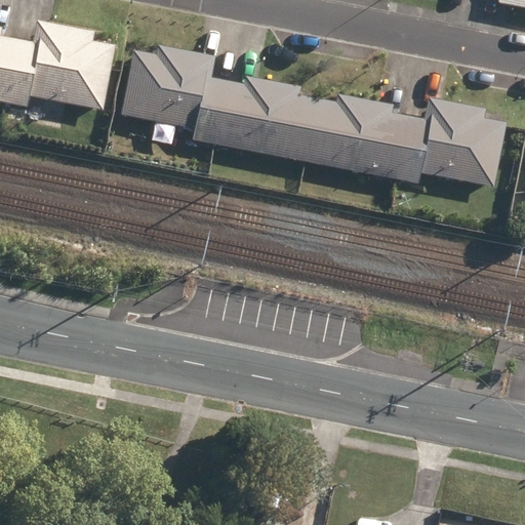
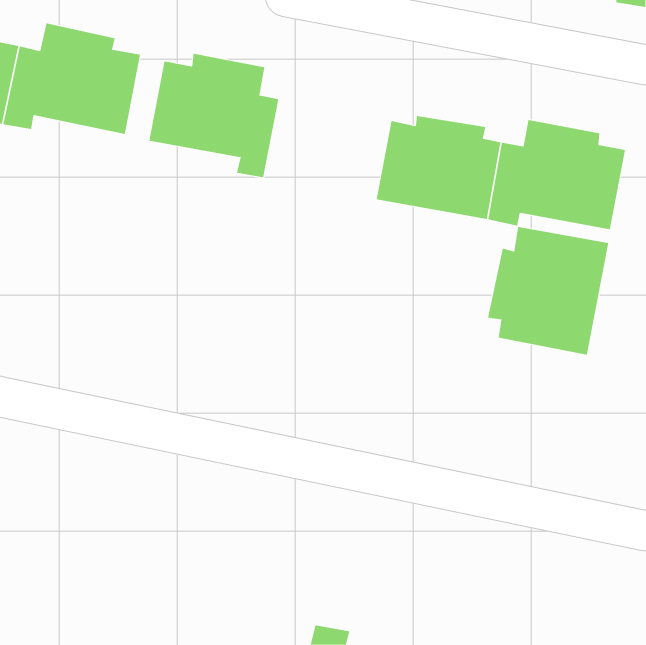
building: [213,75,316,161] -> none
building: none -> [488,226,609,355]

